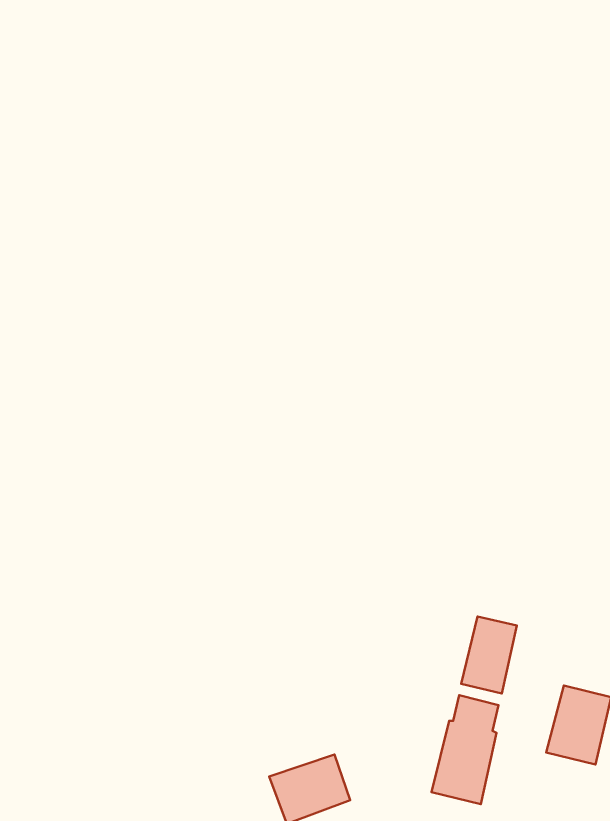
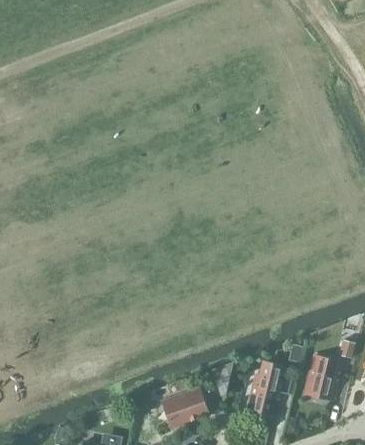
building: [461,617,517,694] -> none

